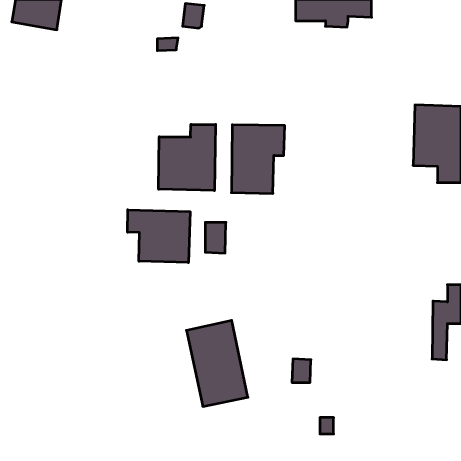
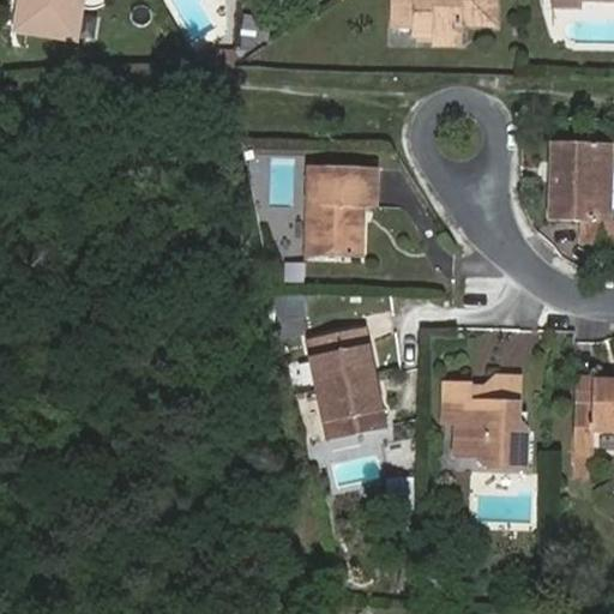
building: [159,124,216,191] -> none
building: [128,210,190,263] -> none
building: none -> [444,377,528,464]
building: [186,320,248,406] -> [306,325,387,439]

